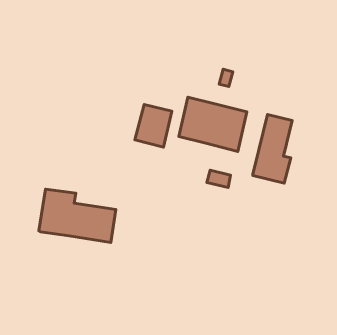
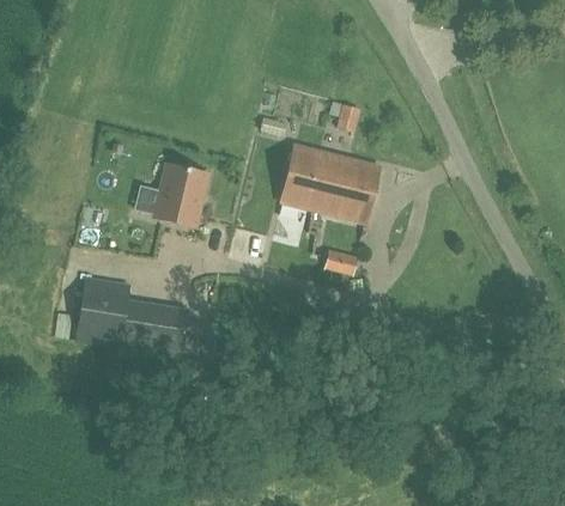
building: [135,105,172,147] -> [153,164,207,226]
building: [253,114,292,183] -> none

